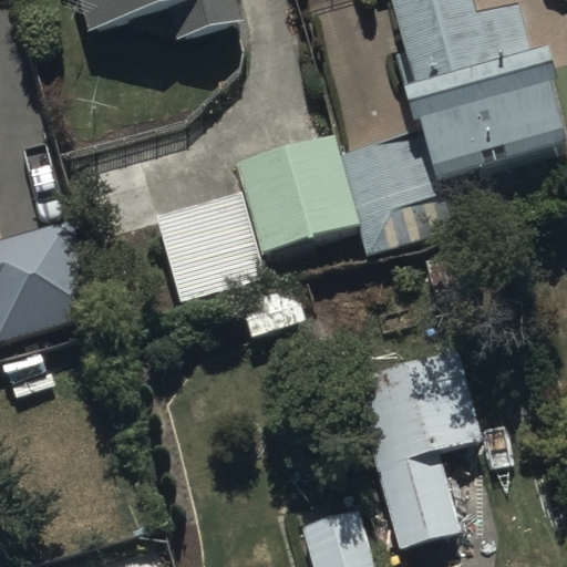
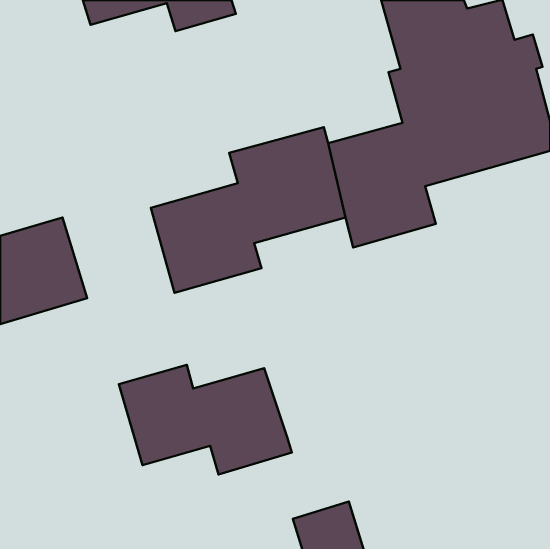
building: [351,346,481,546] -> none
building: none -> [119,365,292,475]

